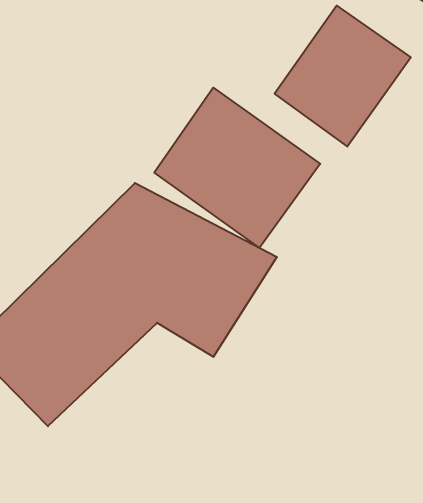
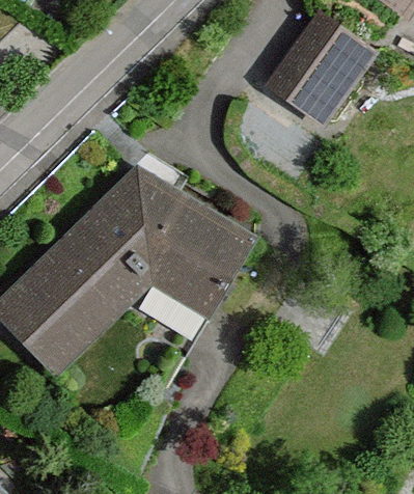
building: [154,88,320,248] -> none

